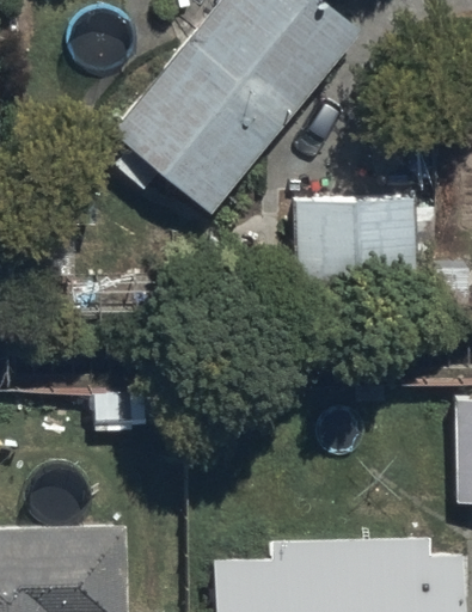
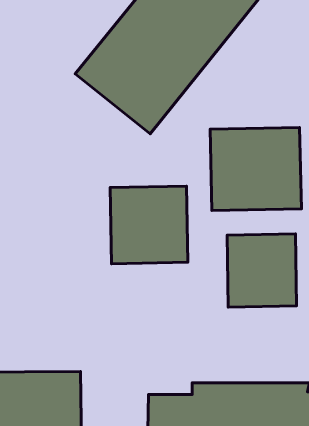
building: none -> [110,186,188,264]
building: none -> [227,234,297,307]

